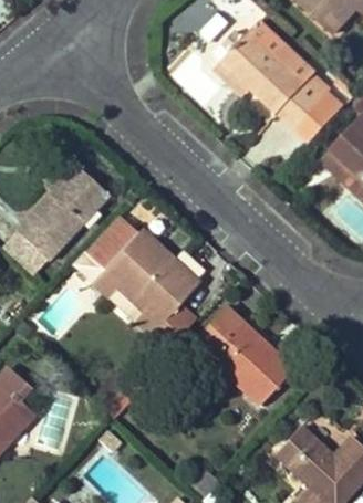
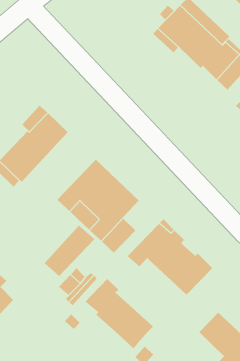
building: [72,214,138,282] -> [44,225,95,277]
building: none -> [85,278,154,349]

